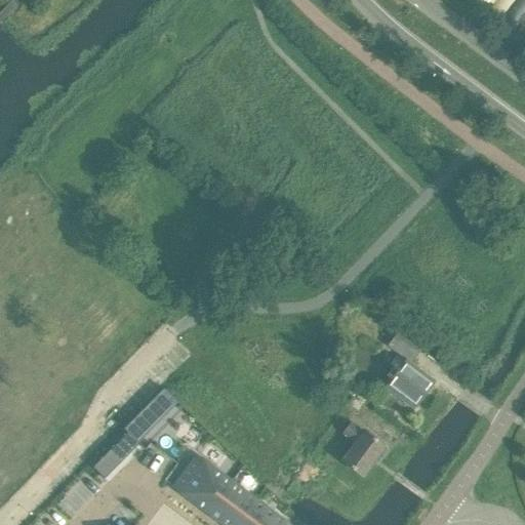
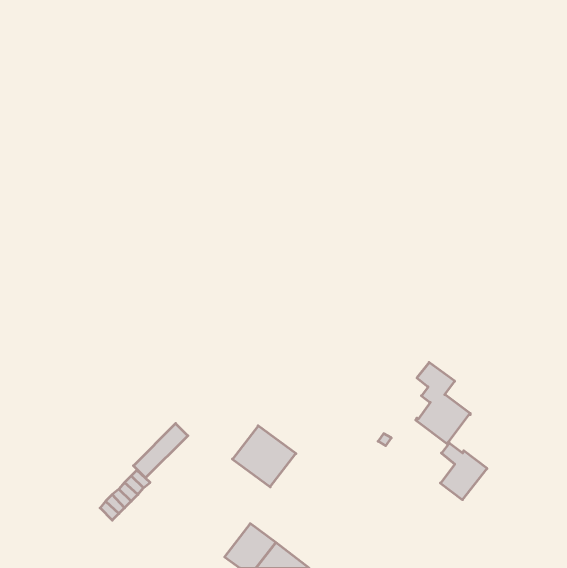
building: [341,425,385,477] -> [440,443,487,500]
building: [173,457,232,514] -> [232,426,296,487]

